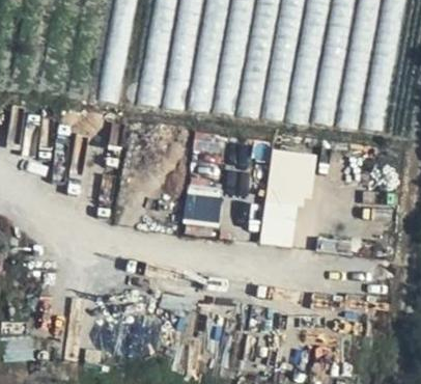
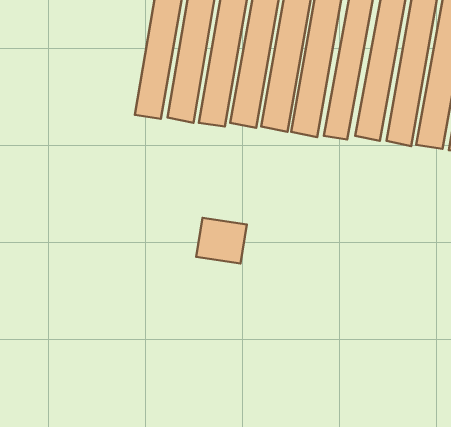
building: [265,147,317,243] -> none

